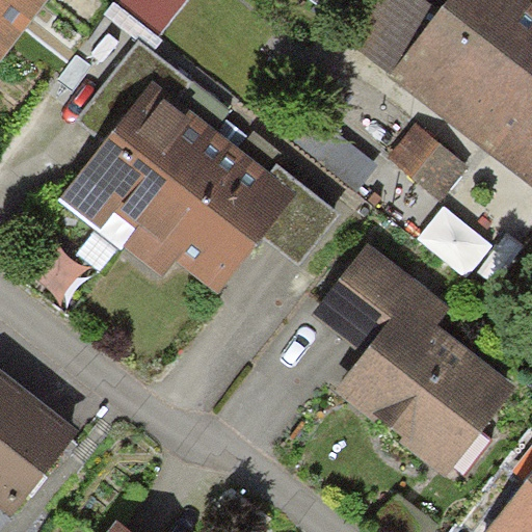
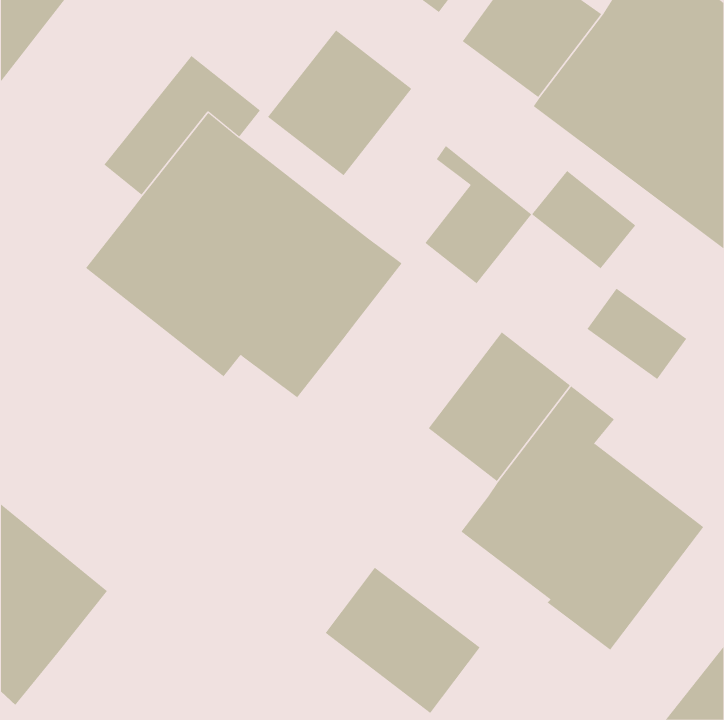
building: none -> [267,29,412,176]
building: [262,164,341,266] -> [424,145,532,284]
building: none -> [325,567,480,714]

